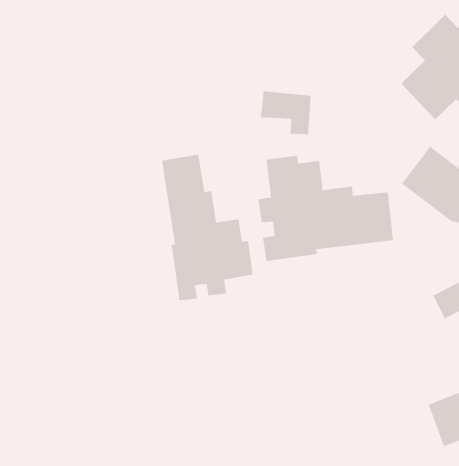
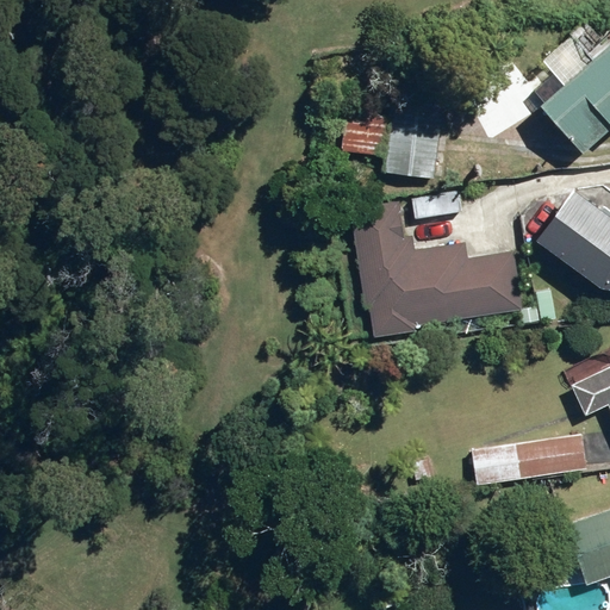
building: [162,154,253,301] -> none
building: none -> [477,435,592,480]

